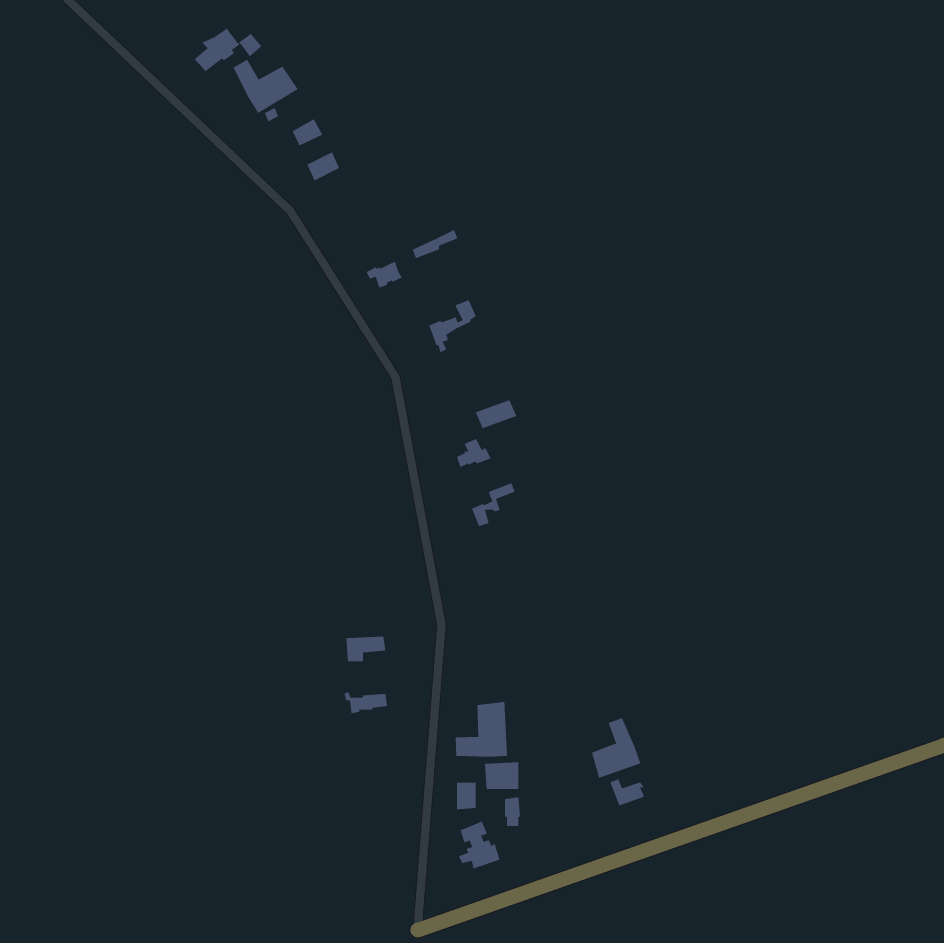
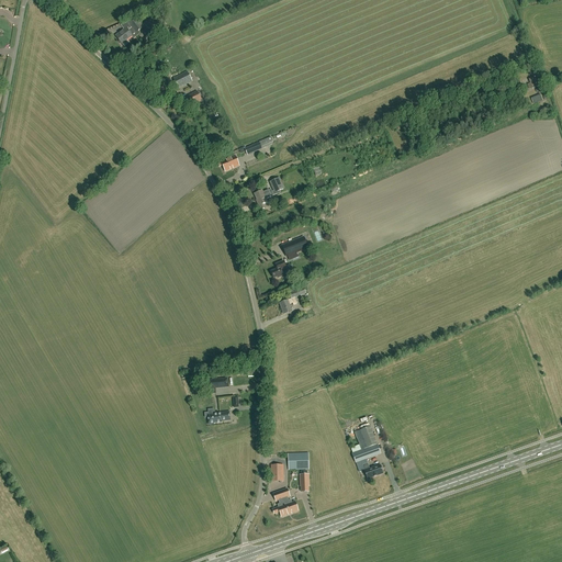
building: [233,59,299,114] -> none
building: [455,701,508,758] -> none

